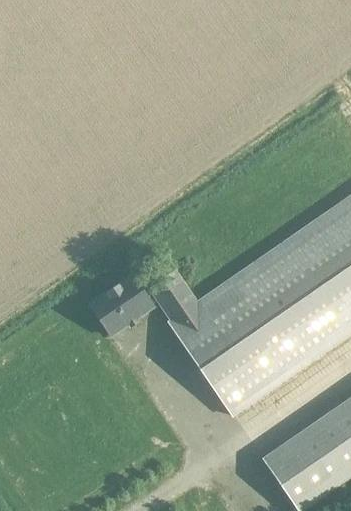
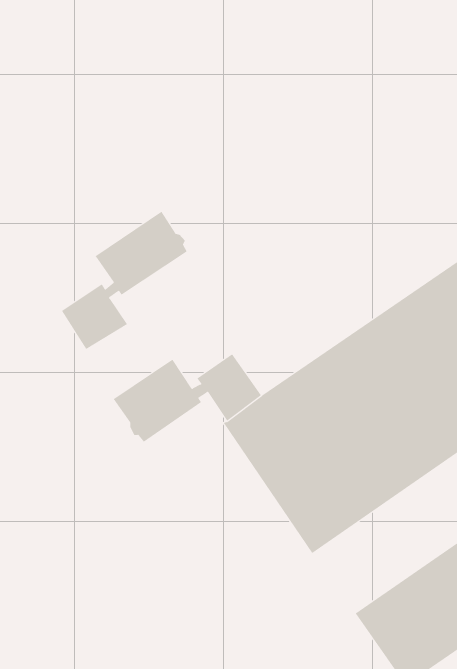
building: none -> [61,211,187,350]

